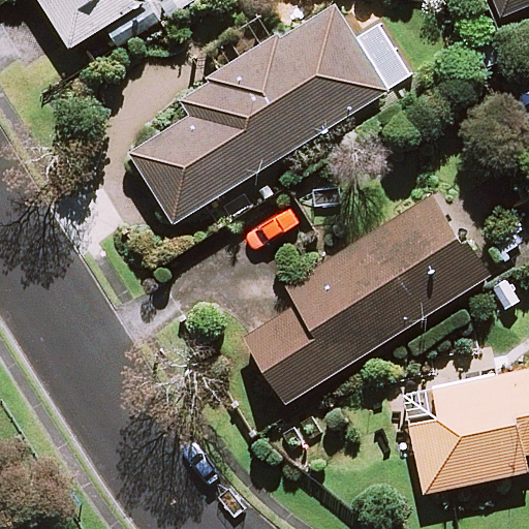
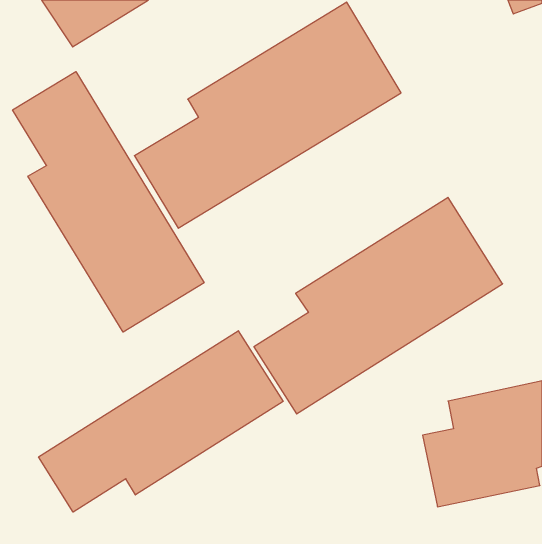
building: none -> [13,72,204,332]
building: none -> [39,331,283,512]

